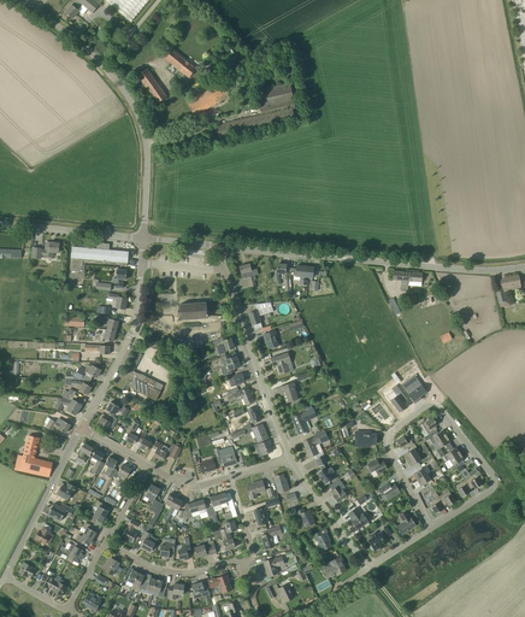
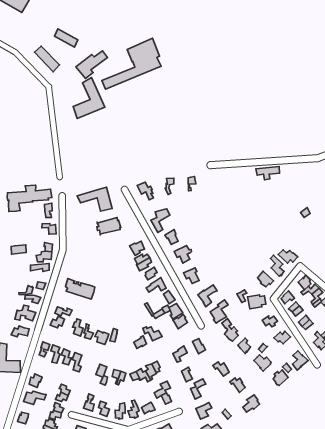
building: none -> [73,78,105,119]
building: none -> [77,187,112,211]

